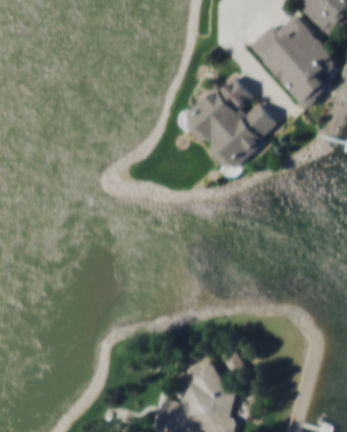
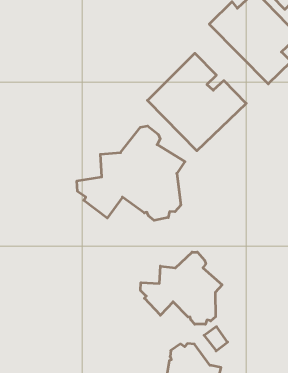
building: none -> [77,126,185,220]
building: none -> [141,252,222,324]

